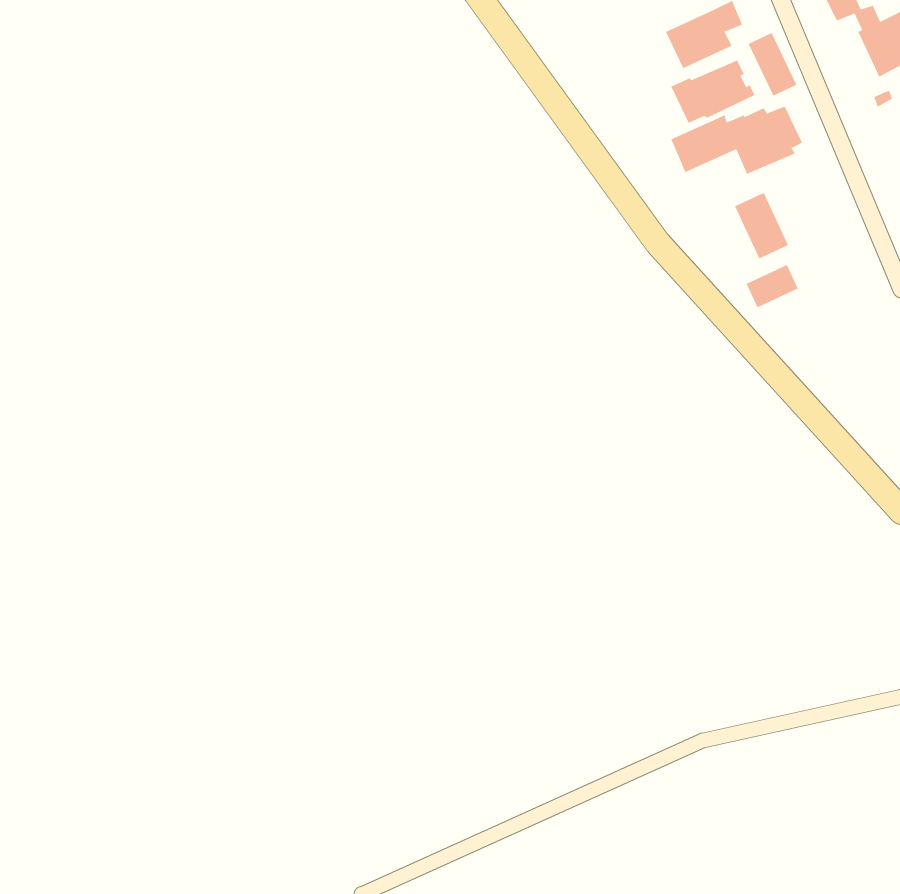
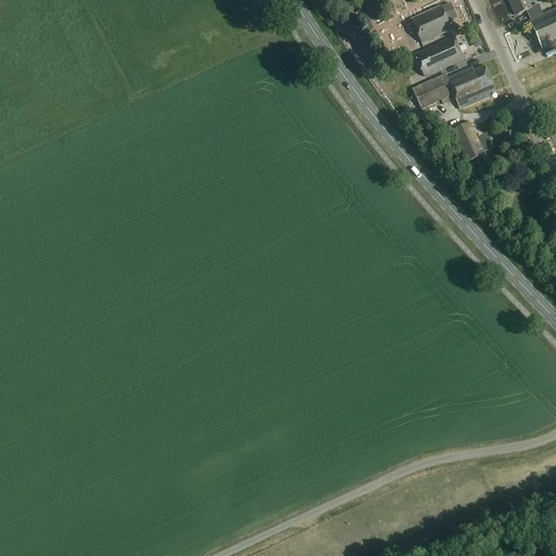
building: [748,32,797,97] -> none
building: [746,264,799,308] -> none

